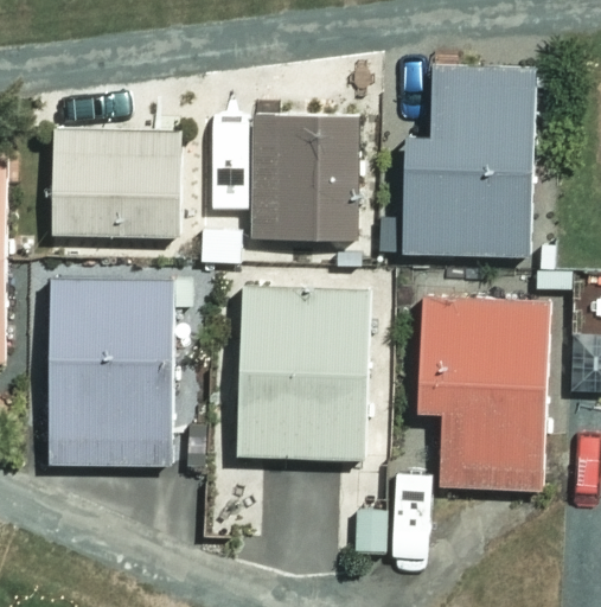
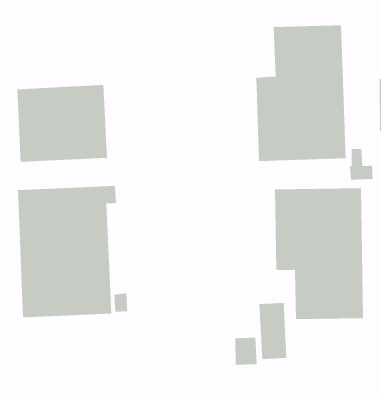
building: [249,117,358,242] -> none
building: [237,280,372,462] -> none

